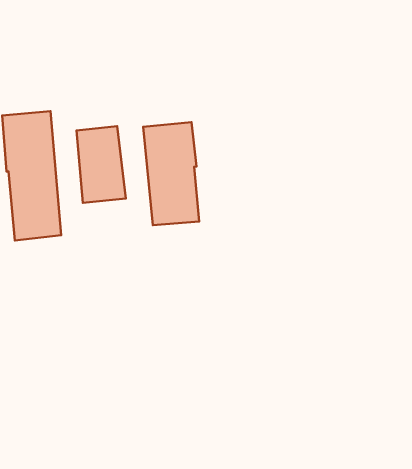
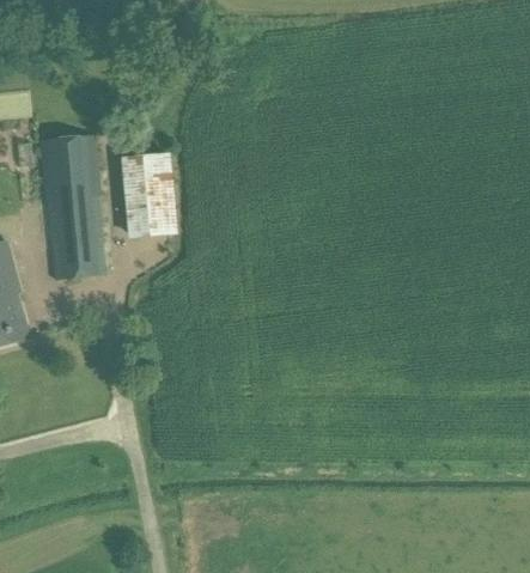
building: [143,122,199,225] -> none

